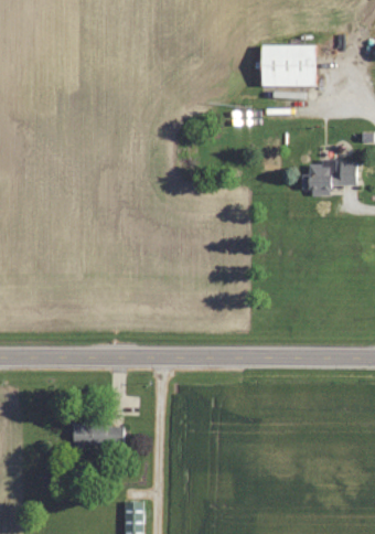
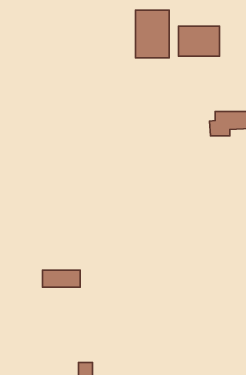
building: none -> [136,10,169,58]
building: [74,425,125,448] -> [43,270,80,287]

